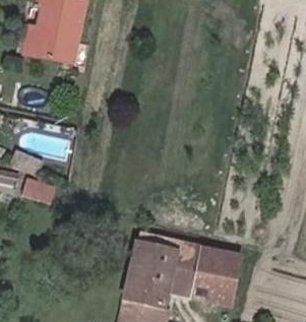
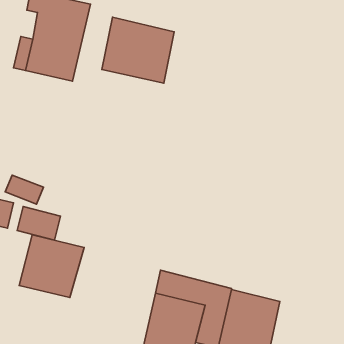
building: none -> [102,17,174,83]
building: none -> [19,235,84,298]

